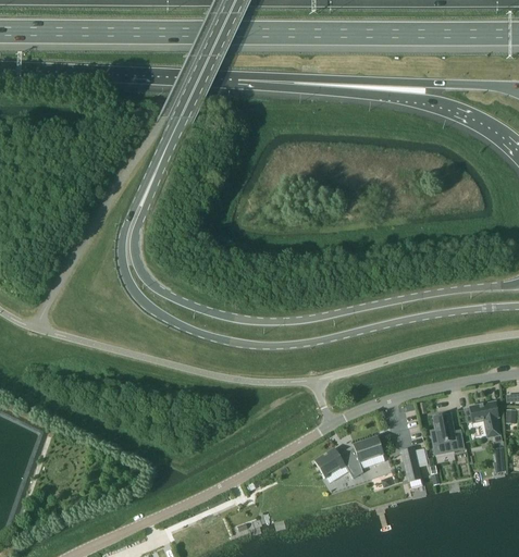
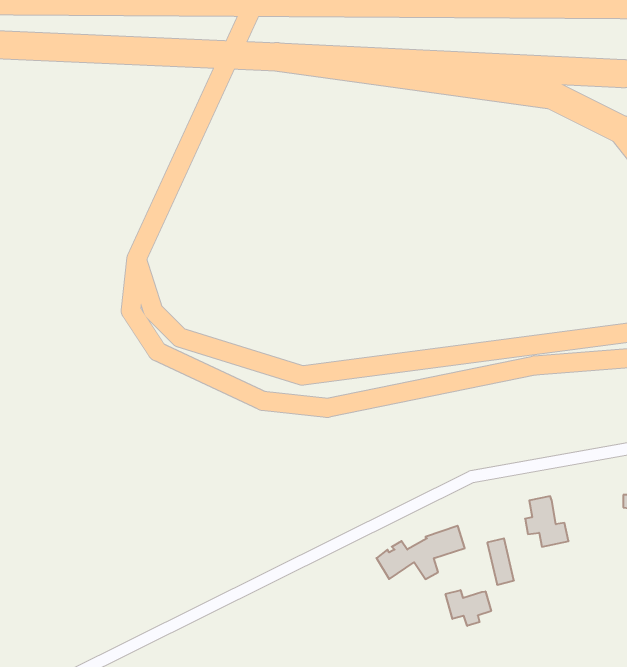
building: [465,401,499,436] -> none
building: none -> [446,590,491,626]

